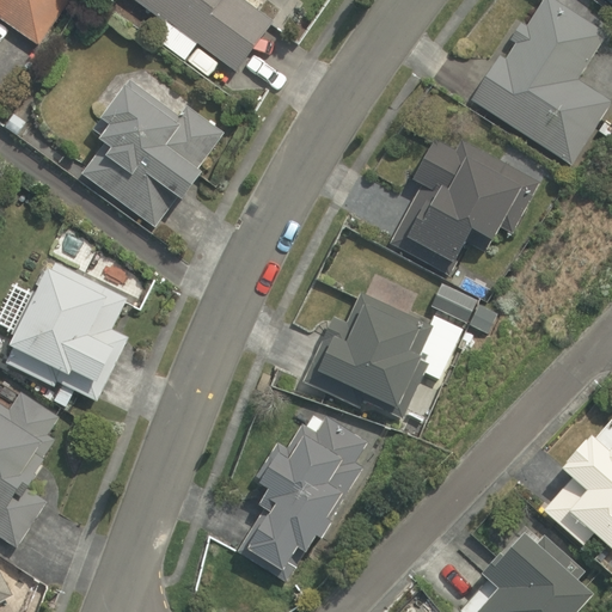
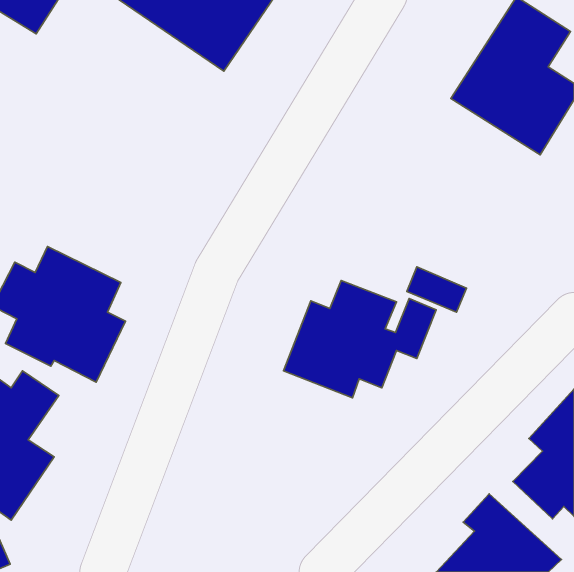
building: [82,82,232,228] -> none
building: [408,128,525,269] -> none
building: [251,416,363,574] -> none

